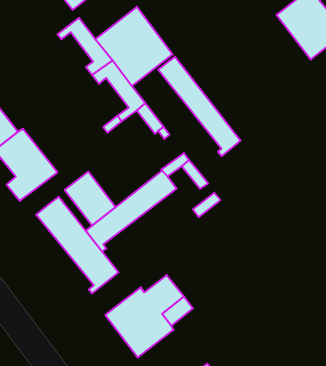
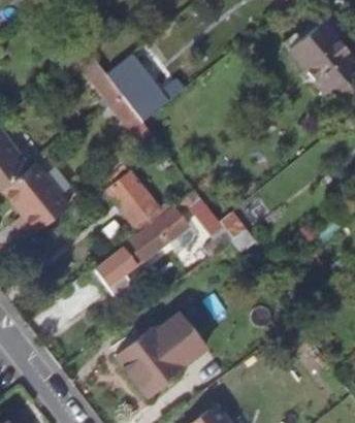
building: [158,57,241,156] -> none
building: [65,172,115,225] -> [108,170,160,225]
building: [36,197,118,293] -> none

